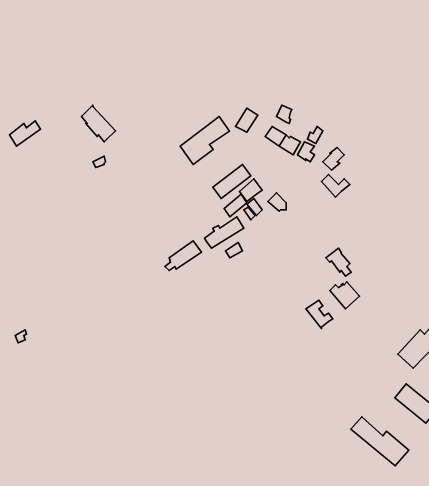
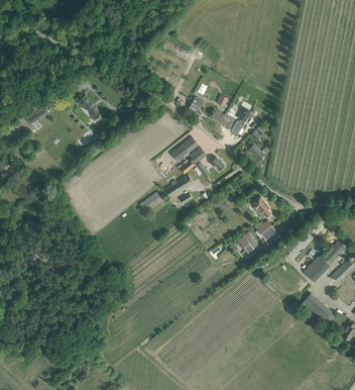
building: [180,116,230,164] -> none
building: [351,417,409,466] -> none

